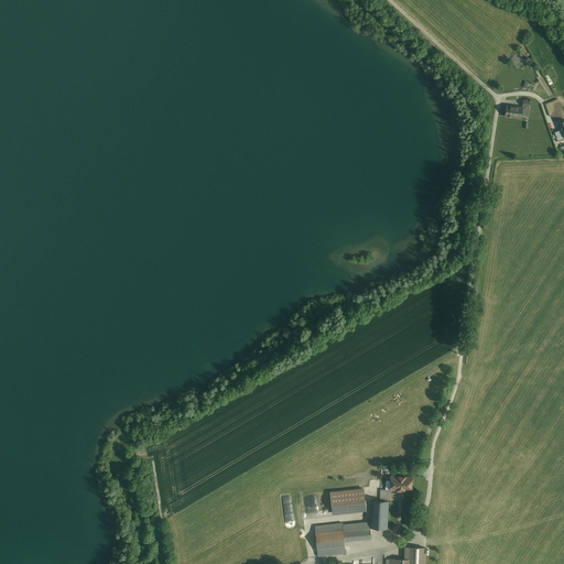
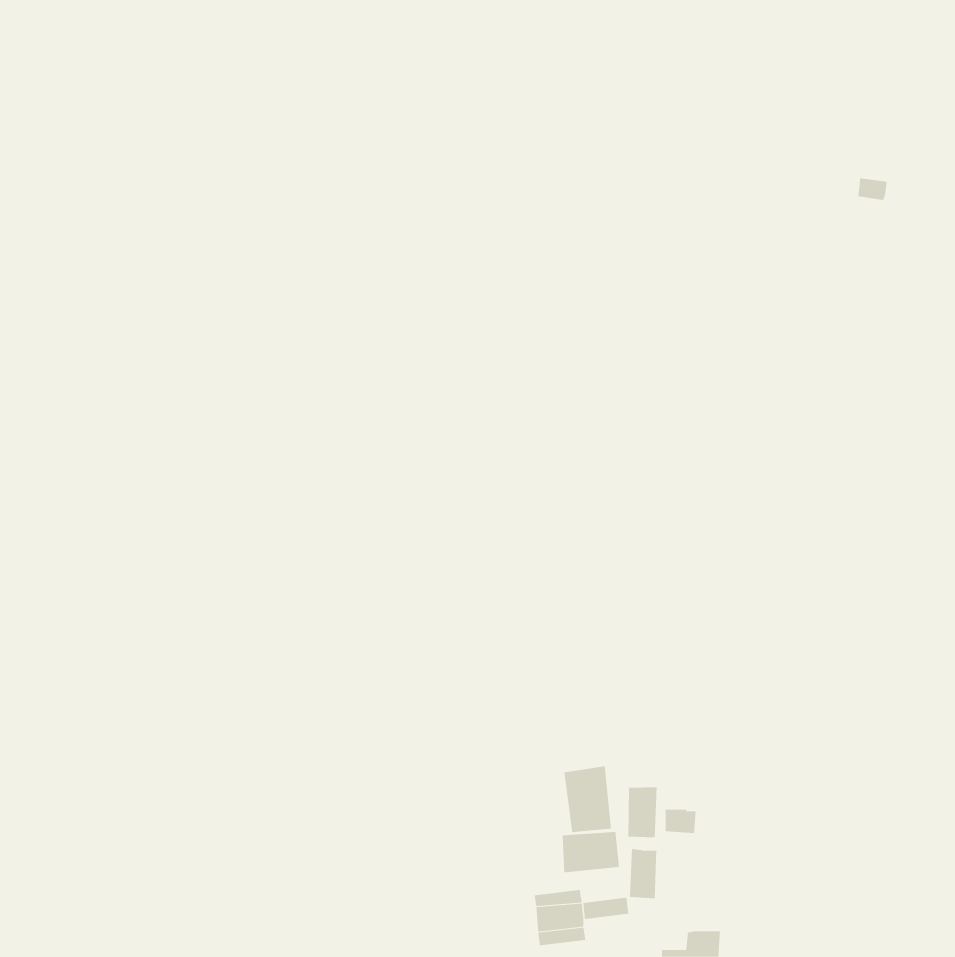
building: none -> [564,766,611,833]
building: none -> [628,787,657,838]

